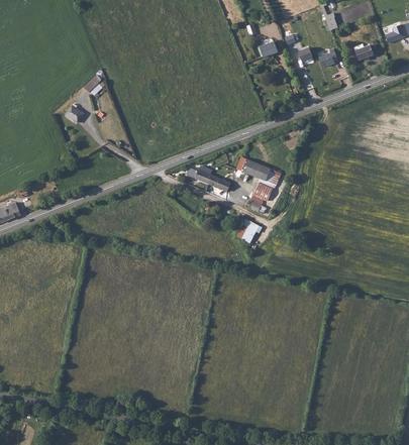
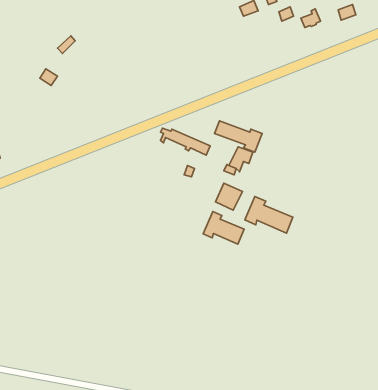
building: none -> [245,196,293,233]
building: none -> [203,212,244,244]

